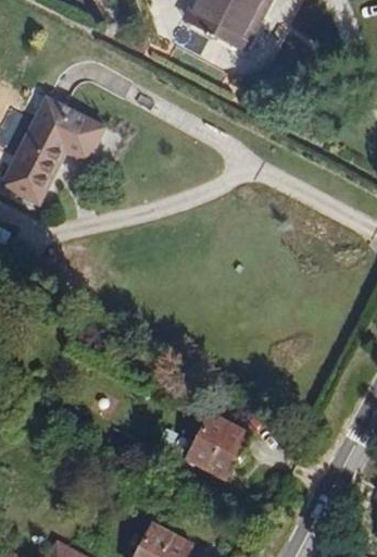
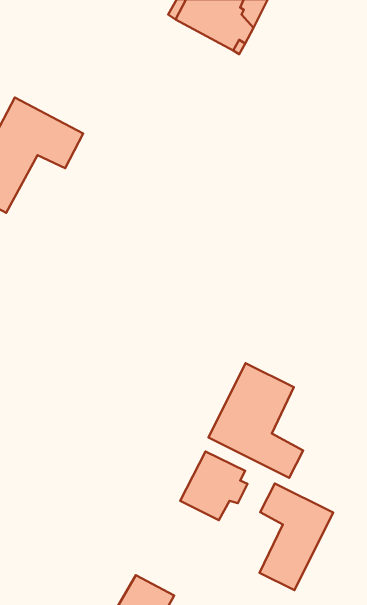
building: none -> [208,363,303,478]
building: none -> [259,484,333,590]

